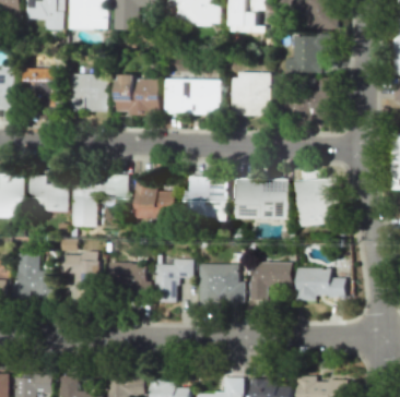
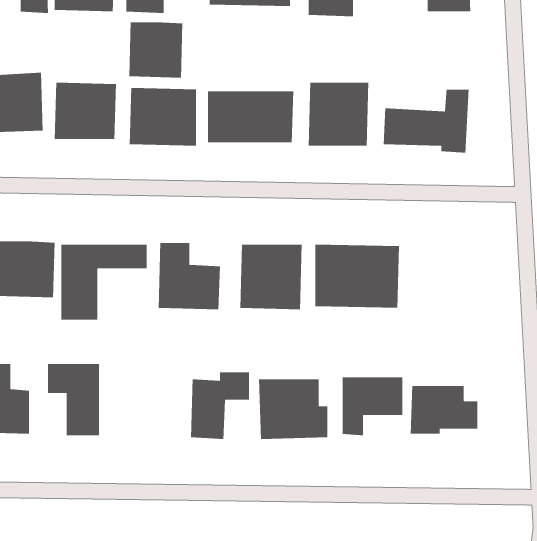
building: [286,34,327,72] -> none
building: none -> [129,21,183,78]
building: [294,176,344,226] -> none
building: [111,262,151,300] -> none

